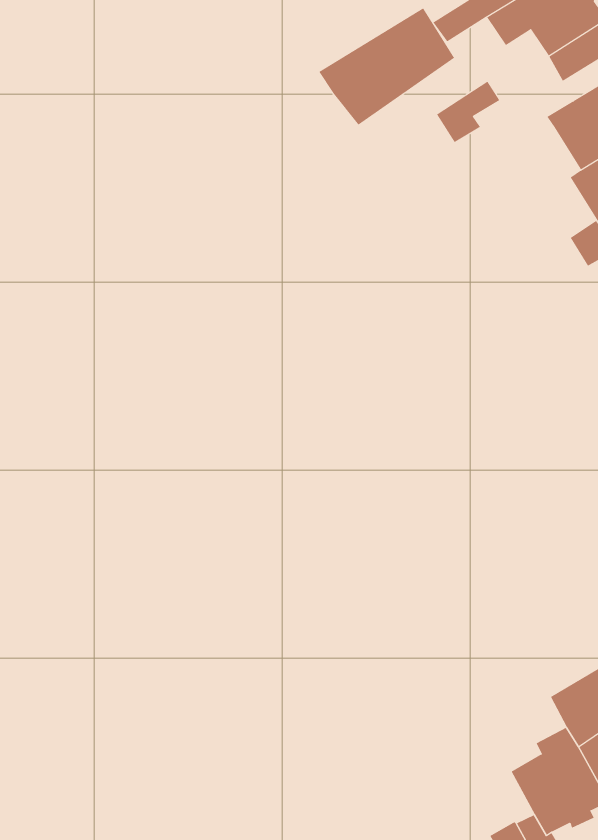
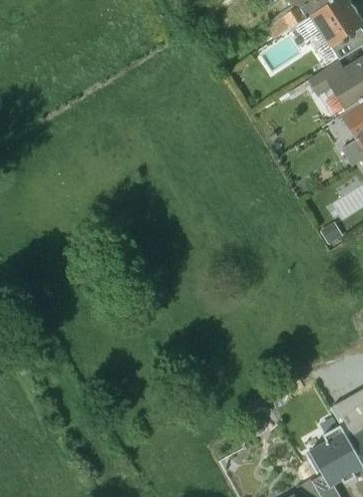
building: [319,7,455,125] -> none
building: [436,81,500,143] -> [308,60,344,95]

